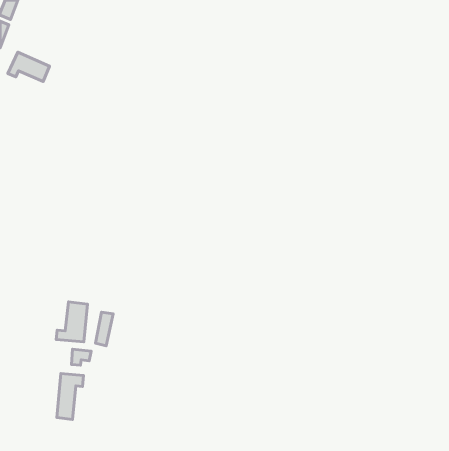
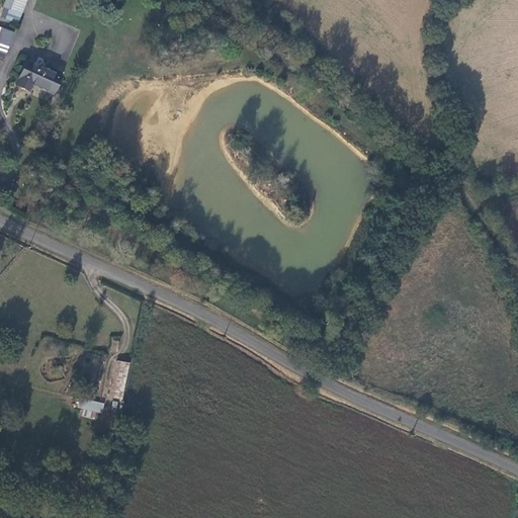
building: [56,302,87,342] -> none
building: [57,374,83,420] -> none

